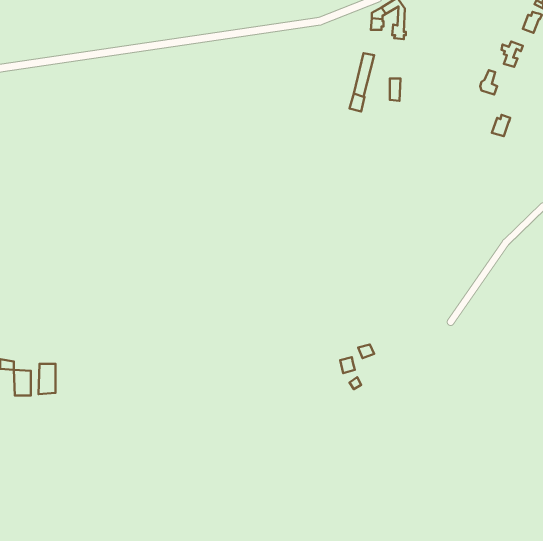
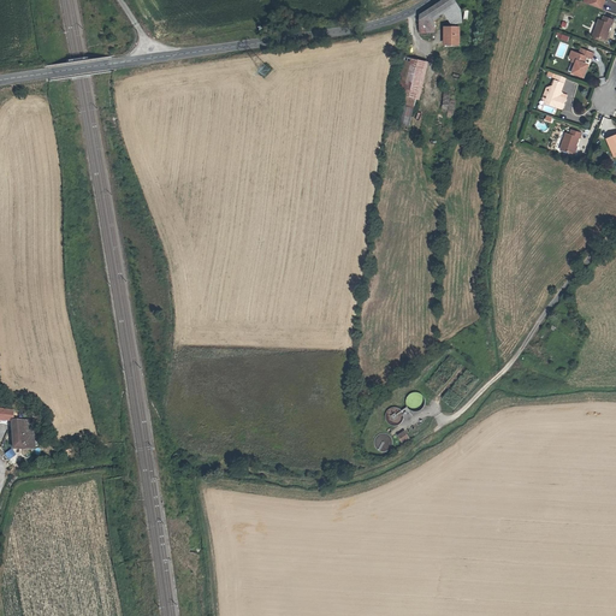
building: [38,364,55,394] -> none

